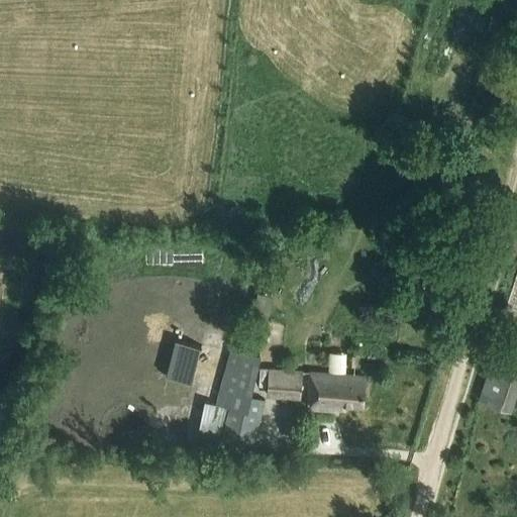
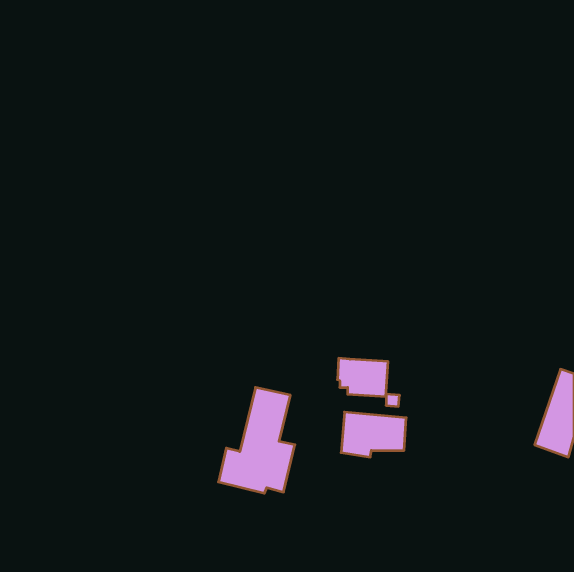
building: [167,339,204,384] -> none
building: [256,369,302,403] -> [337,358,388,396]

